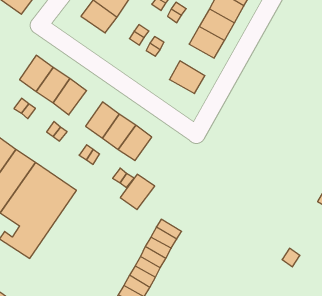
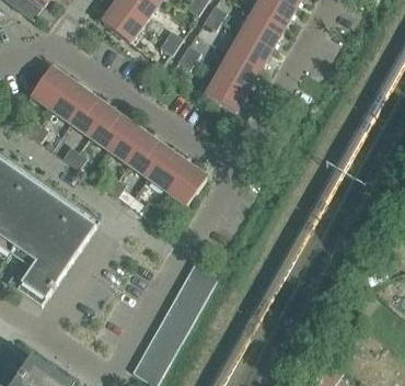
building: none -> [219,54,259,91]
building: none -> [89,109,128,150]
building: [120,174,155,210] -> [166,163,207,205]

